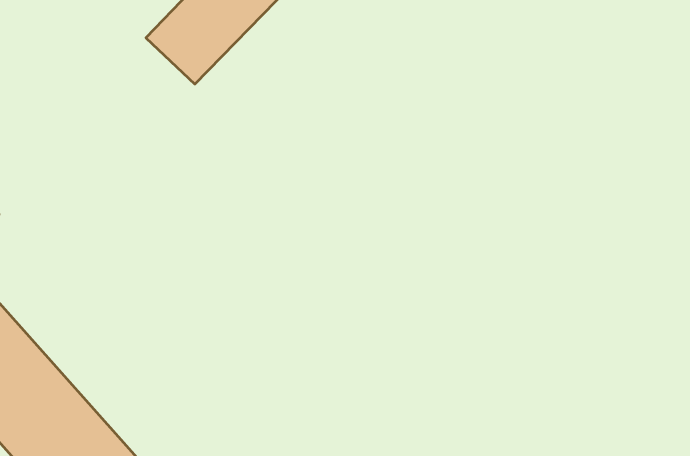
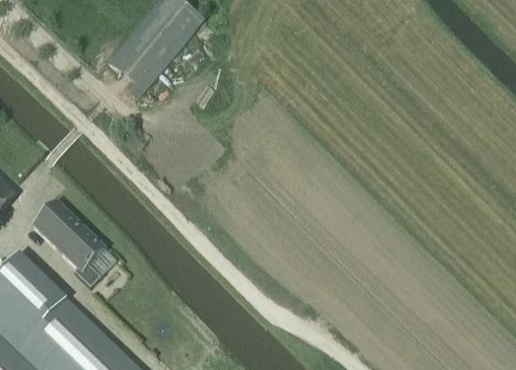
building: none -> [31,199,115,286]

